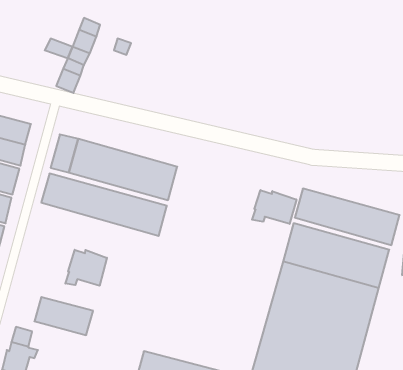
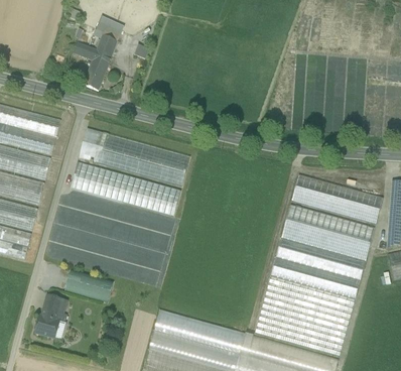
building: [252,190,296,224] -> none
building: [65,250,107,286] -> none

